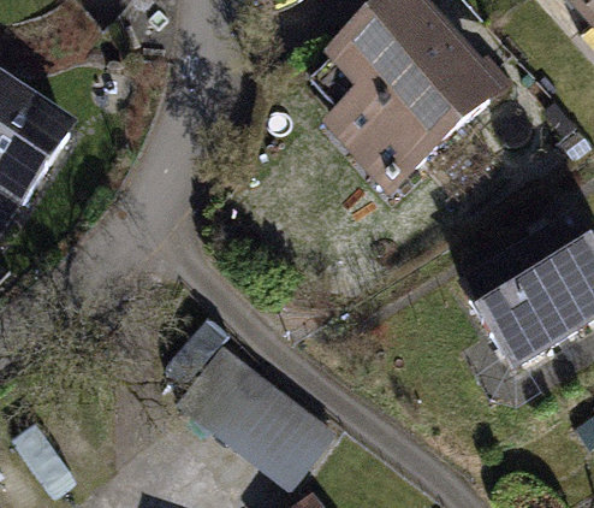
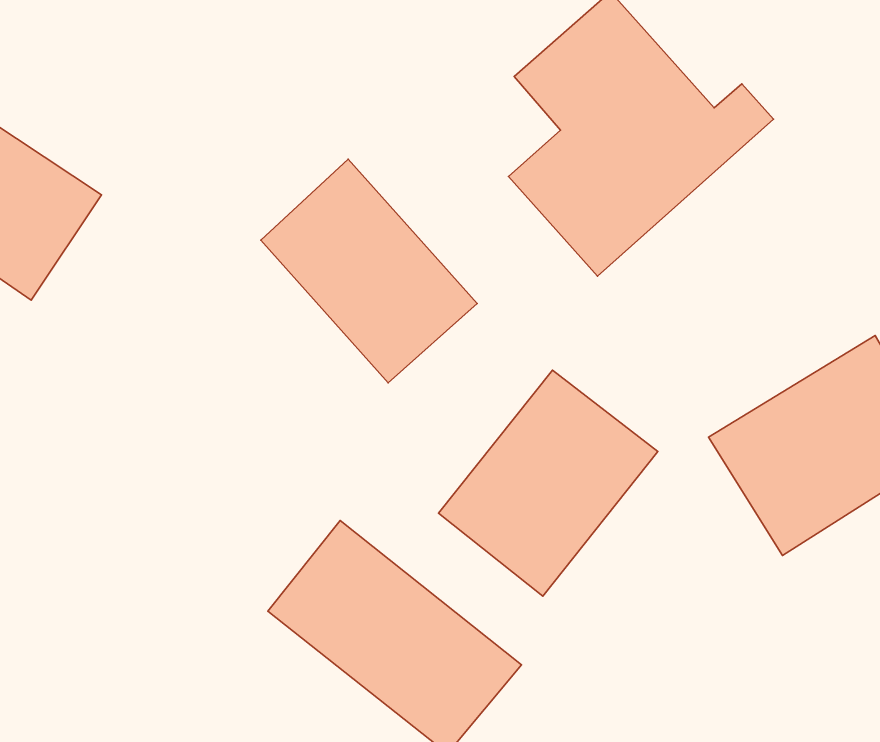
building: none -> [261,159,477,383]
building: none -> [438,370,658,596]

